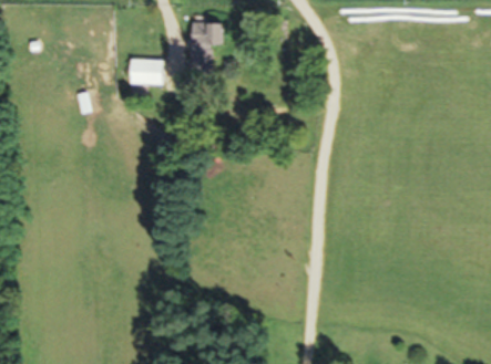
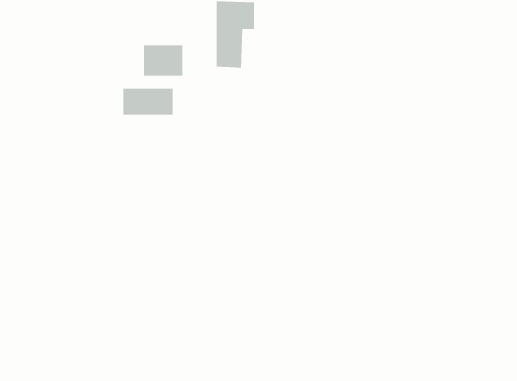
building: none -> [123,88,173,115]

